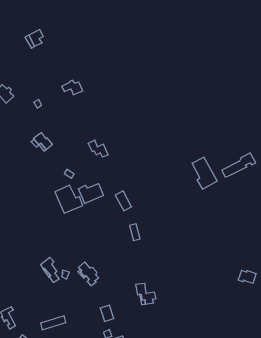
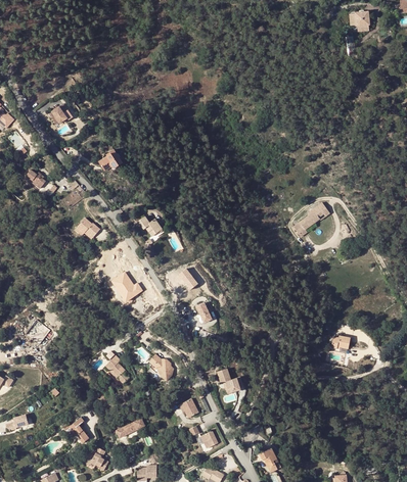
building: [192,157,217,189] -> none
building: [78,184,103,204] -> none

